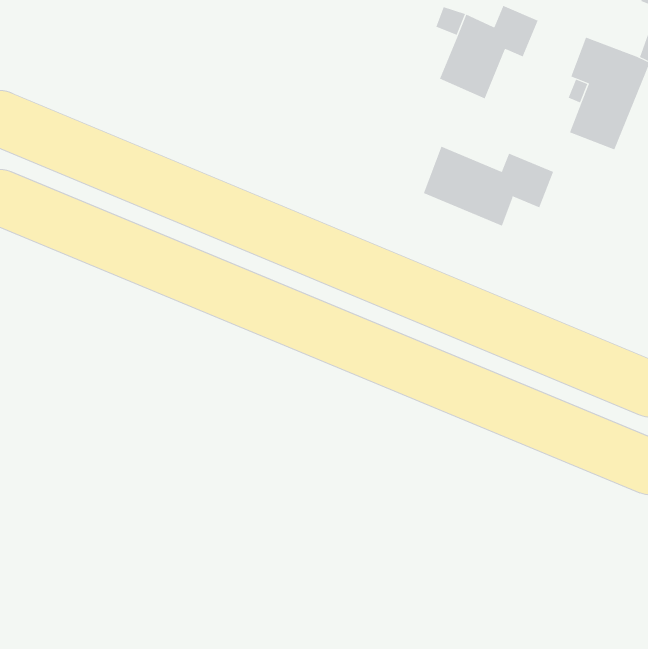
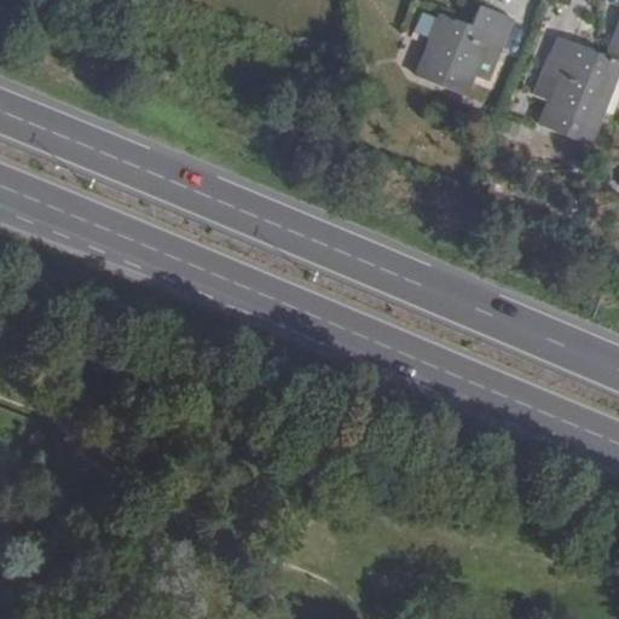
building: [423,146,554,226] -> none

